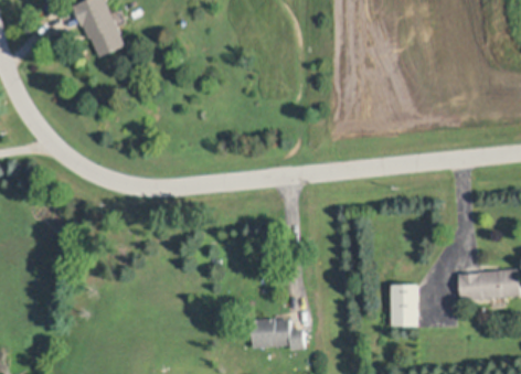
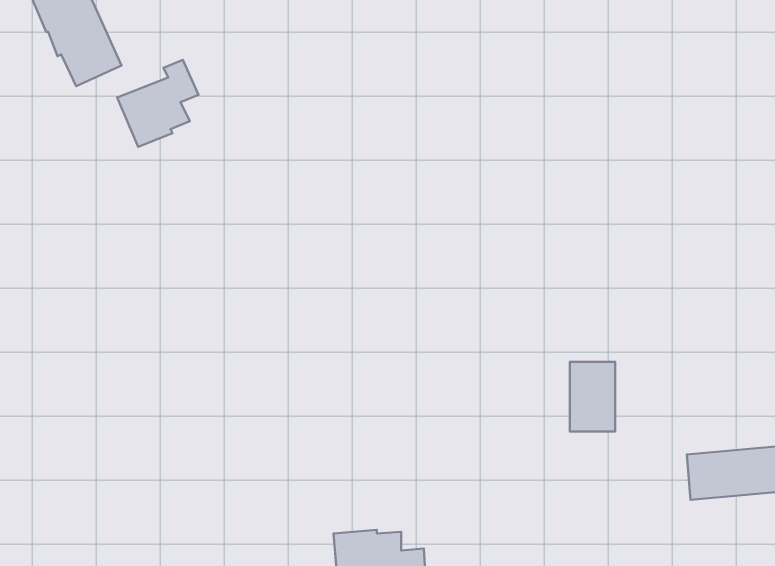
building: none -> [117,60,198,147]
building: [391,285,417,325] -> [570,362,615,431]

